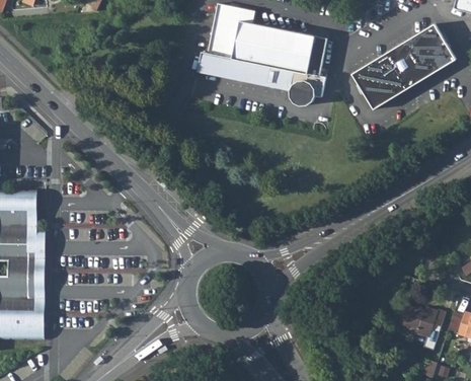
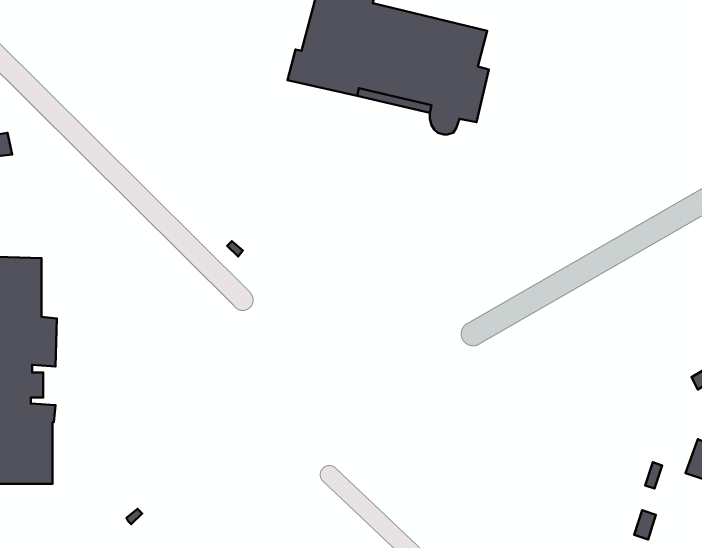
building: [352,25,456,111] -> none
building: [397,300,445,333] -> none

